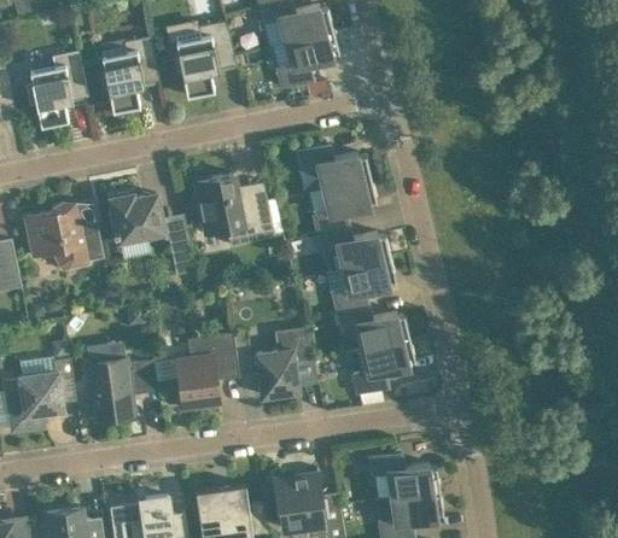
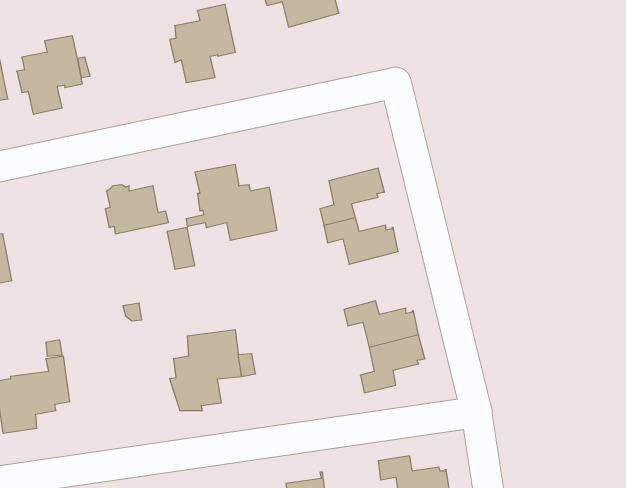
building: [275,29,337,86] -> none
building: [95,36,158,111] -> none
building: [297,144,368,189] -> none
building: [23,203,101,270] -> none
building: [332,257,393,312] -> none
building: [253,327,310,398] -> none
building: [84,357,156,422] -> none

